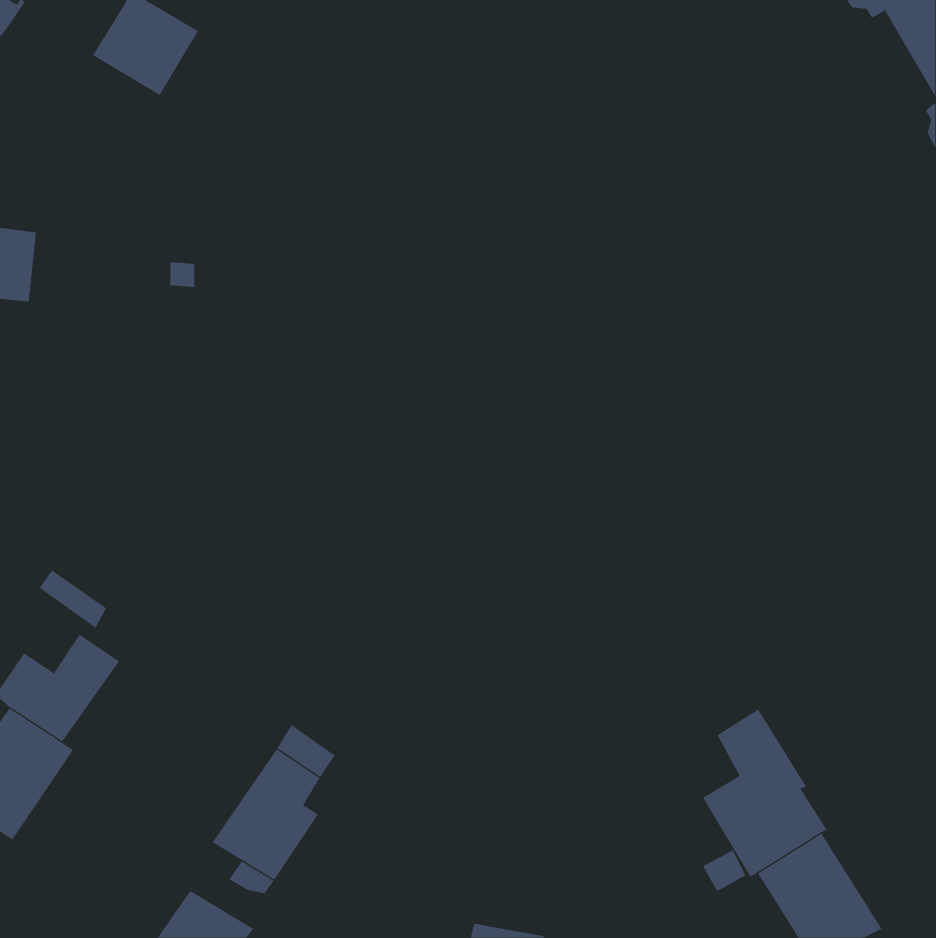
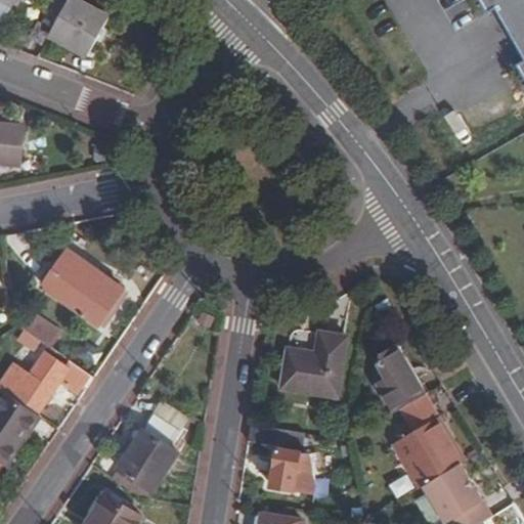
building: none -> [42,249,123,323]
building: none -> [278,331,345,396]
building: none -> [376,347,421,411]
building: none -> [249,424,316,490]

